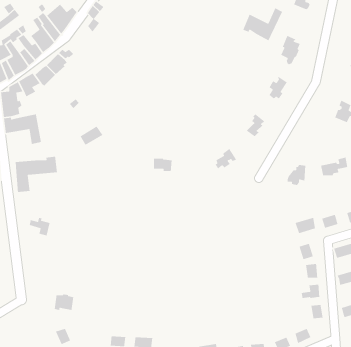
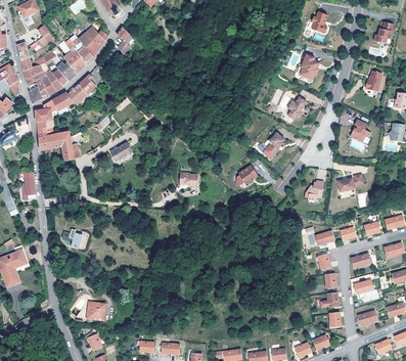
building: [242,7,283,41] -> none
building: [15,156,58,193] -> none

